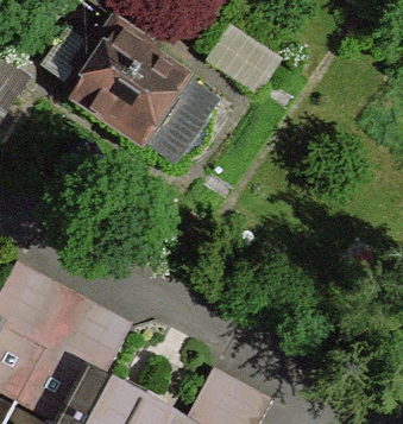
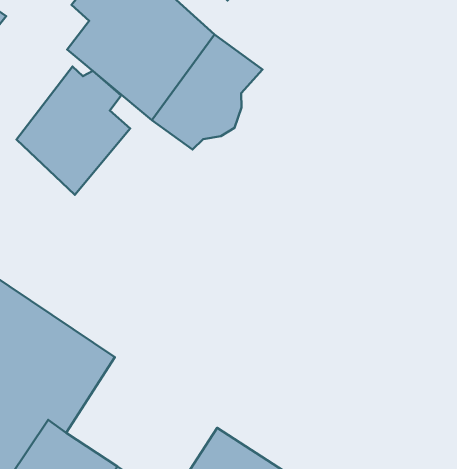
building: none -> [16,67,130,195]

